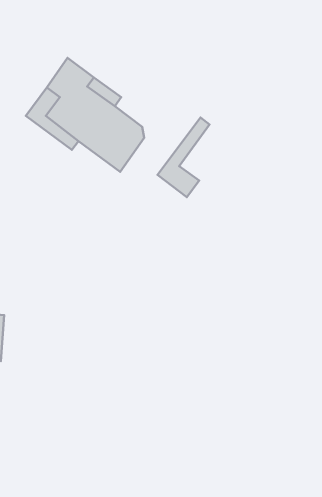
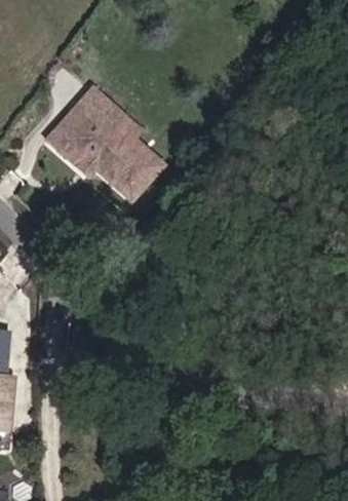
building: [158,118,210,197] -> none

